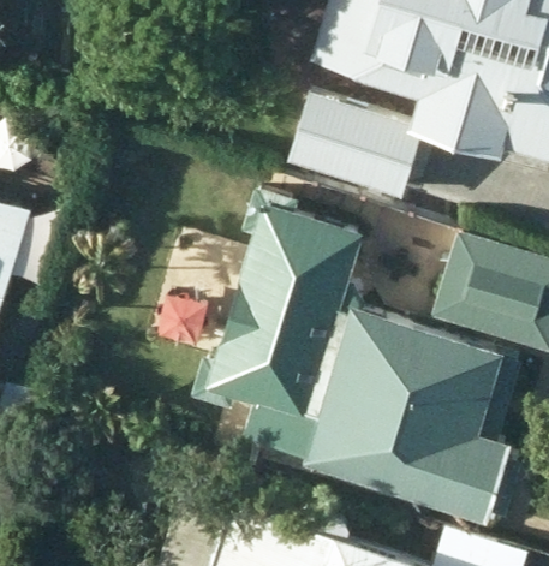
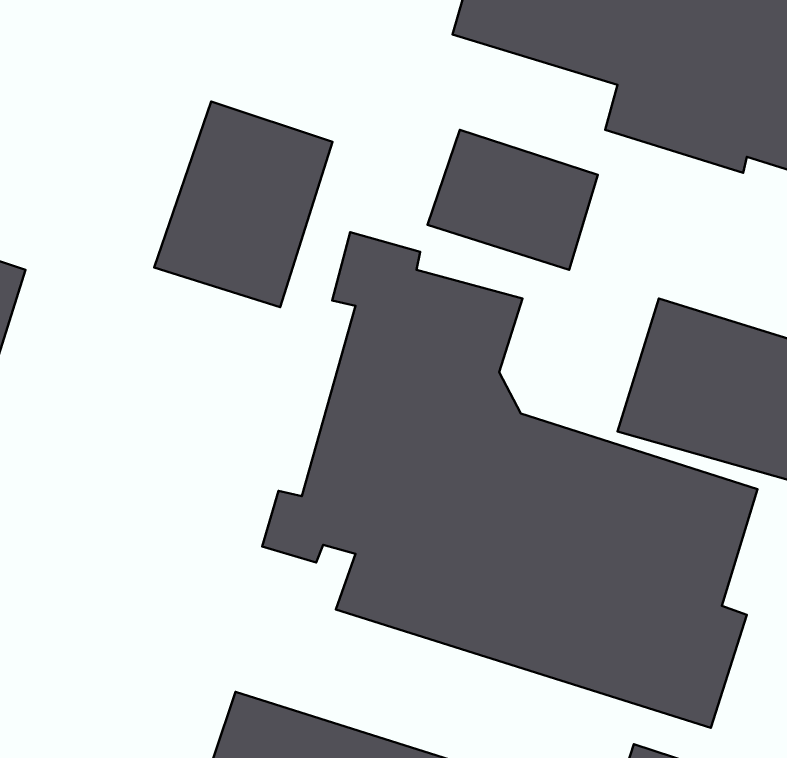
building: none -> [154,101,332,307]

